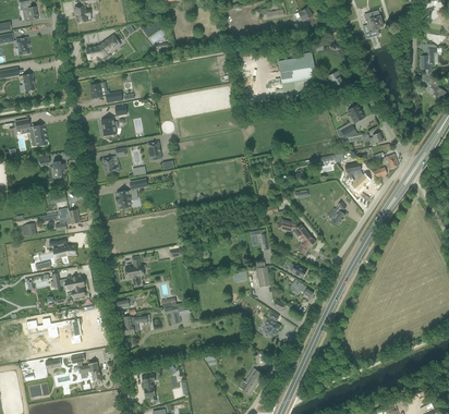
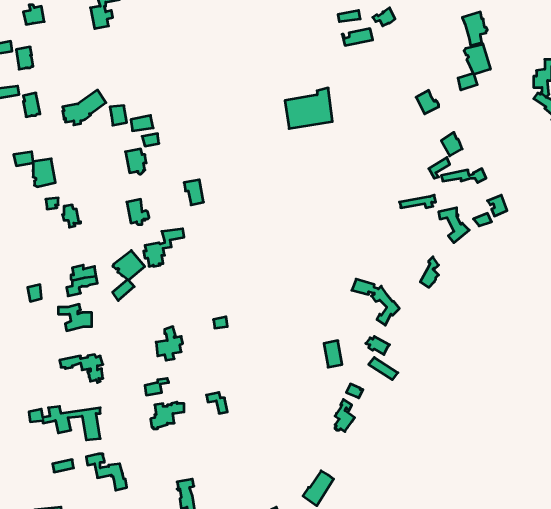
building: [85,34,119,61] -> [63,90,106,125]
building: none -> [458,44,490,90]
building: [277,51,314,83] -> [285,88,332,129]
building: none -> [113,250,145,301]

